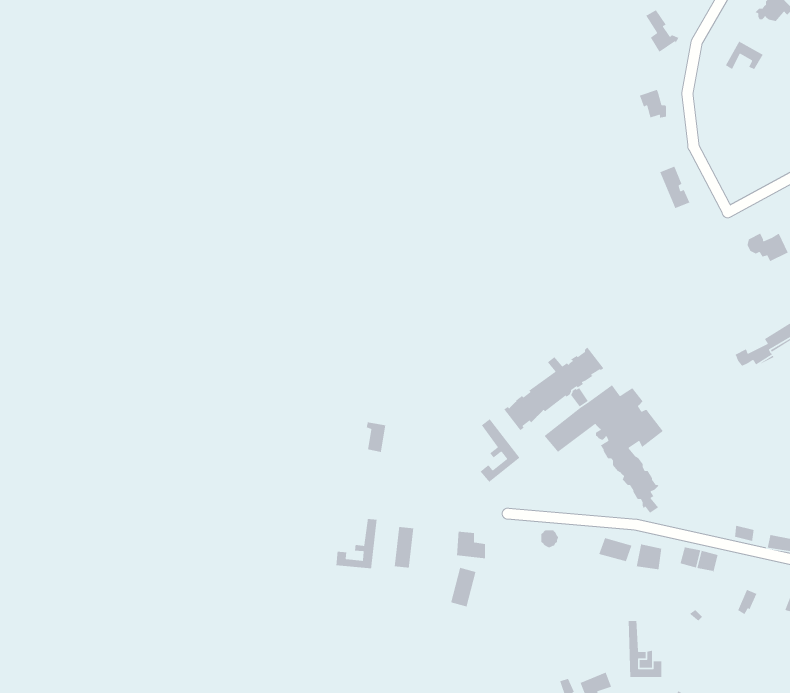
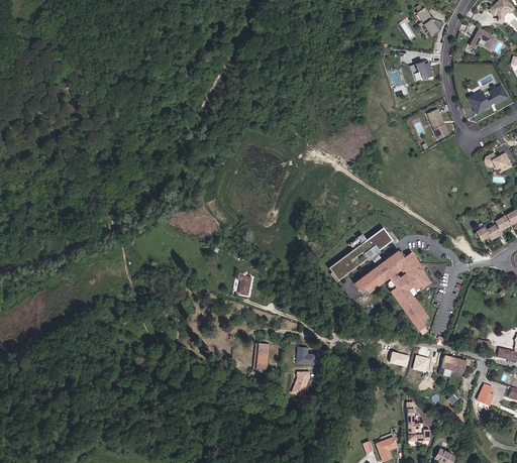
building: none -> [470,85,508,113]
building: [480,418,520,483] -> none
building: [336,518,378,569] -> none

